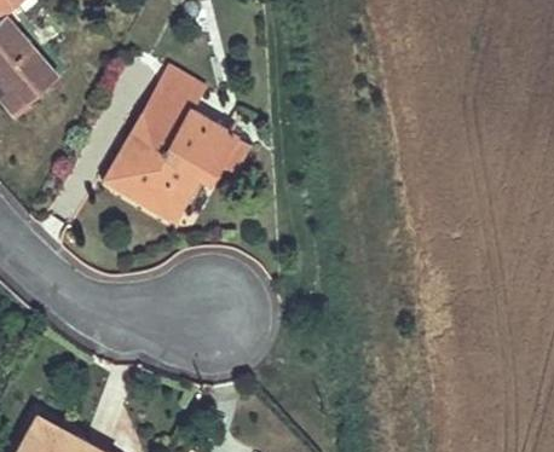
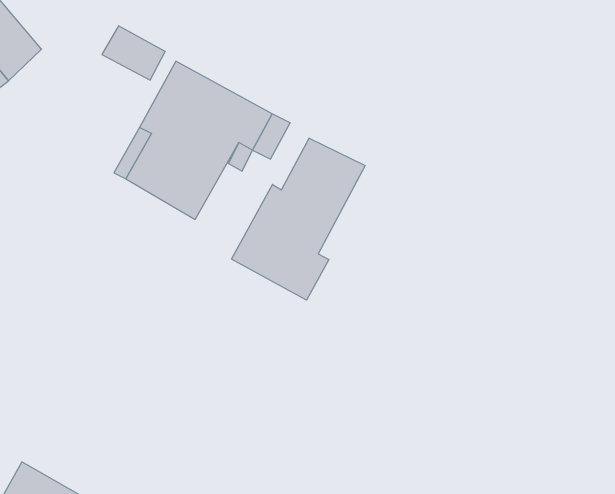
building: [158,70,209,114] -> [102,26,165,80]
building: none -> [232,138,365,300]

